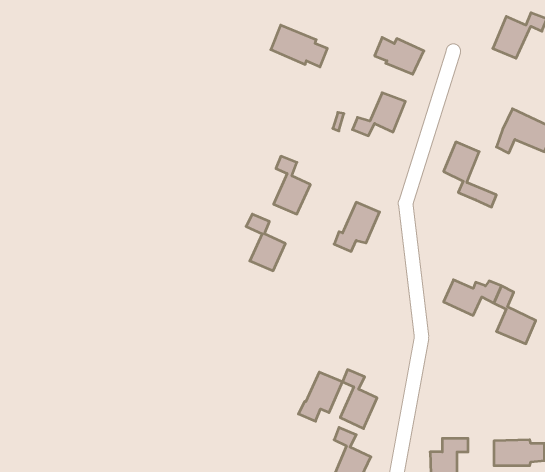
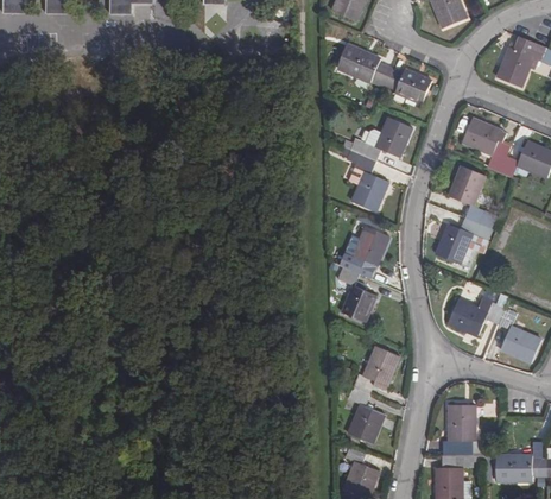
building: [271,25,327,67] -> [335,43,390,83]
building: none -> [463,118,515,171]
building: [274,156,310,214] -> [354,154,390,210]
building: none -> [436,215,495,263]
building: [246,214,285,271] -> [337,265,375,320]
building: [298,372,343,421] -> [356,346,399,393]
building: none -> [448,404,474,453]

